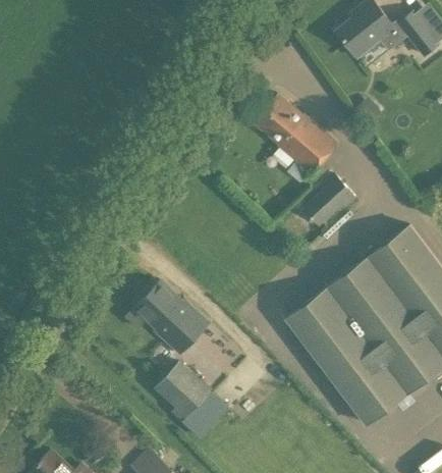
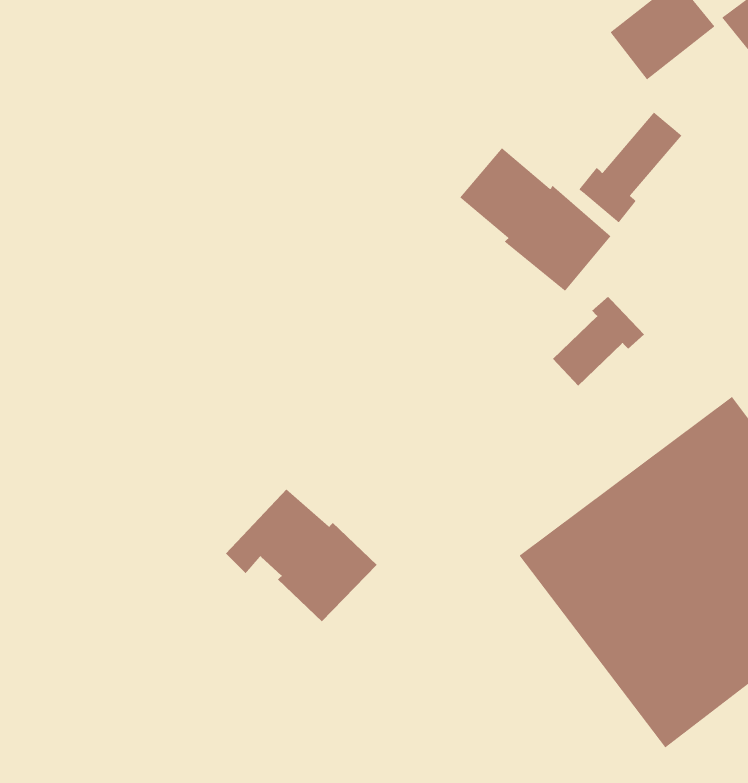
building: none -> [579,112,682,224]
building: [155,361,227,437] -> none

